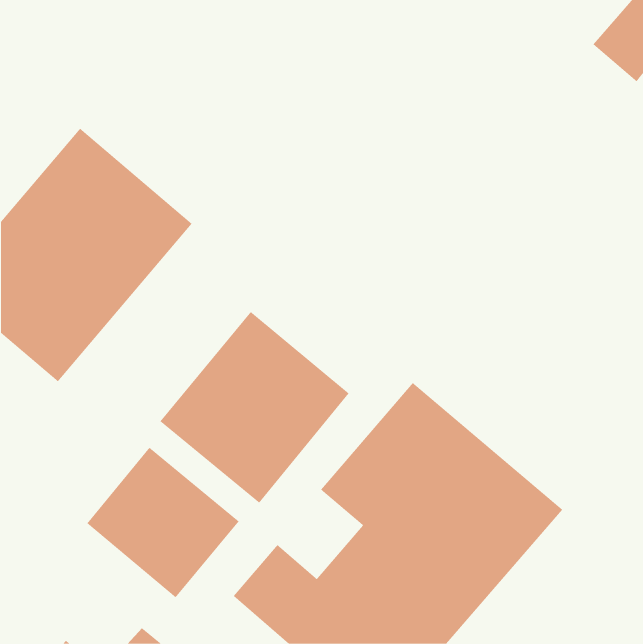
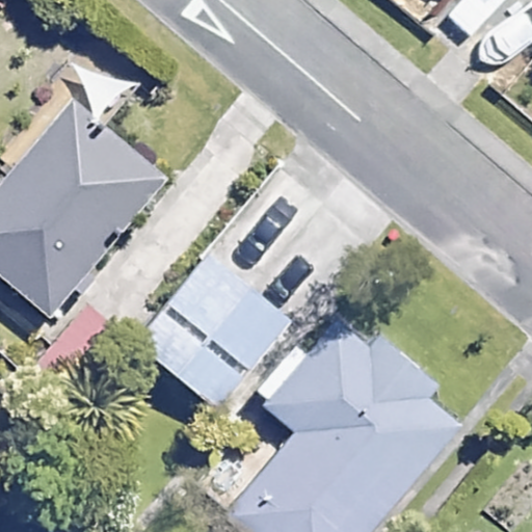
building: [86,447,239,598] -> none

